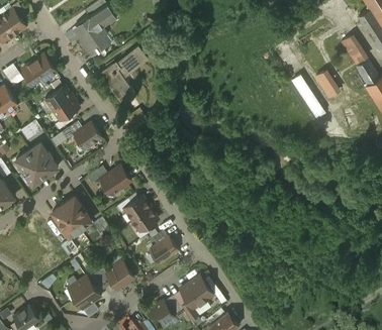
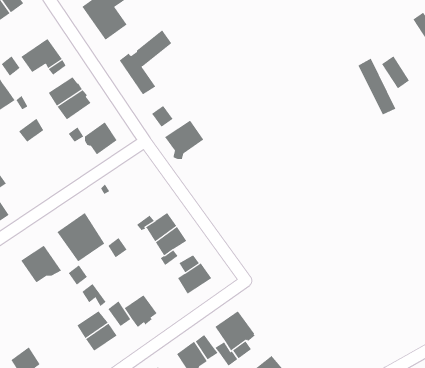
building: [15,142,58,185] -> none
building: [99,164,131,197] -> [164,120,204,160]
building: none -> [21,245,62,283]

